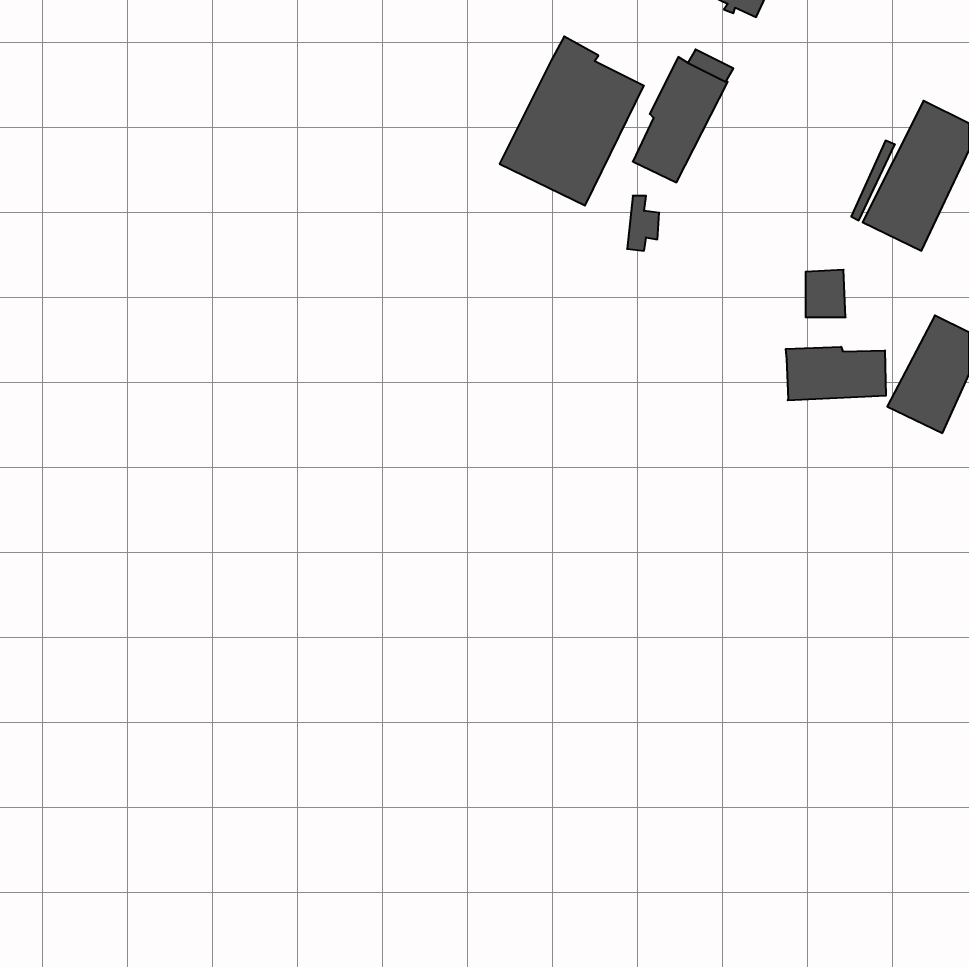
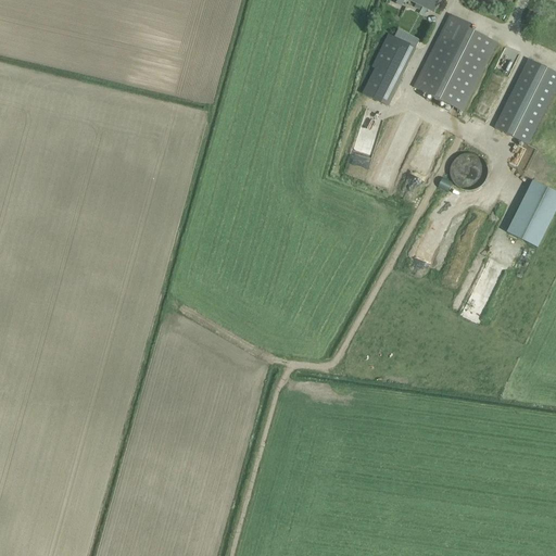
building: [500,36,644,206] -> [413,13,495,110]
building: [786,347,886,400] -> none

